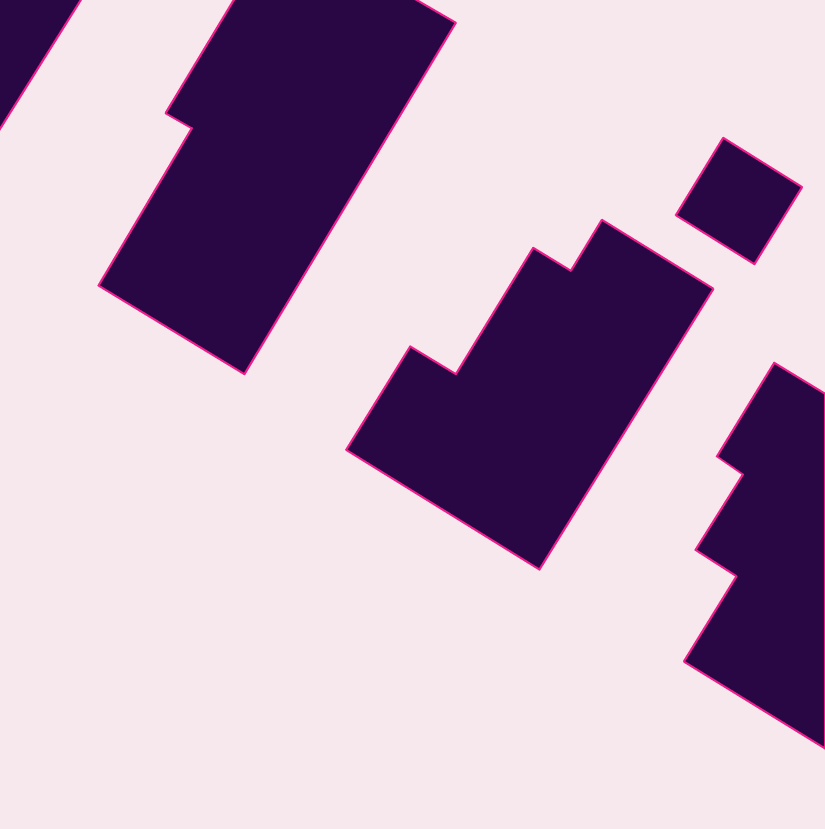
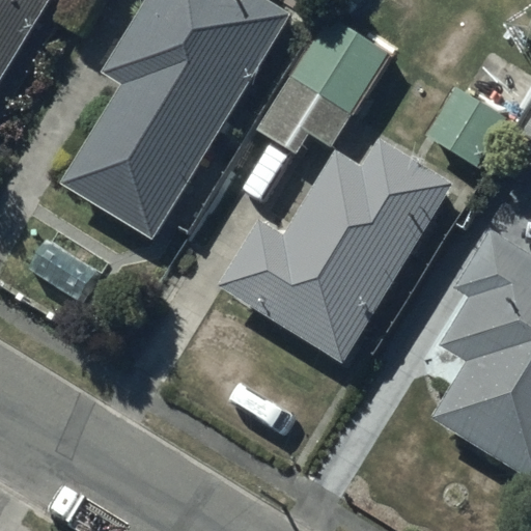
building: none -> [254,15,385,152]

